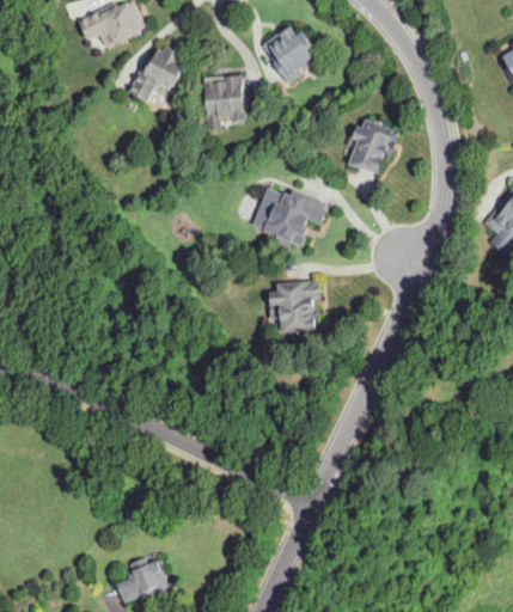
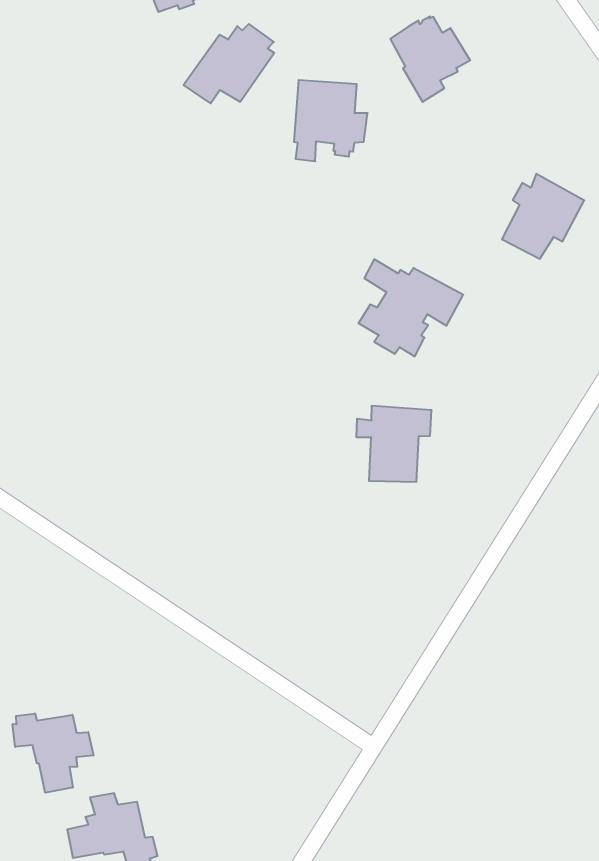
building: none -> [13,713,93,793]

